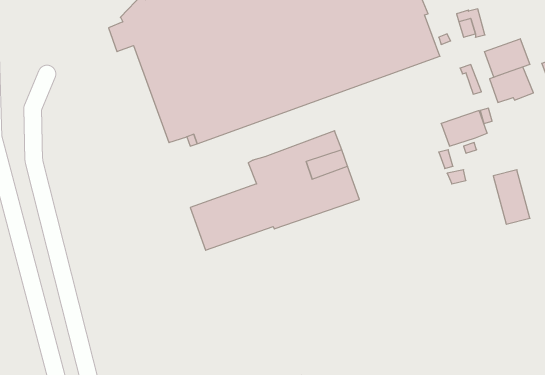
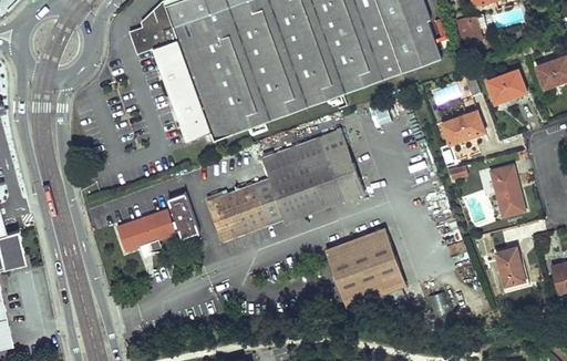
building: [484,39,530,77] -> none
building: none -> [116,193,199,251]
building: none -> [324,228,405,309]
building: none -> [495,248,524,286]

